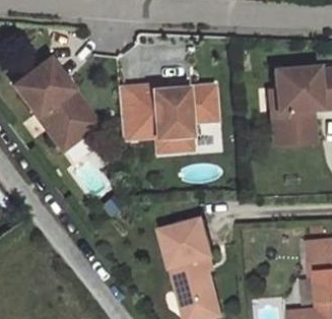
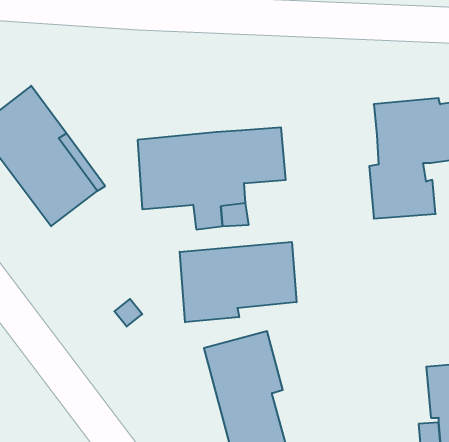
building: none -> [180,242,296,322]

